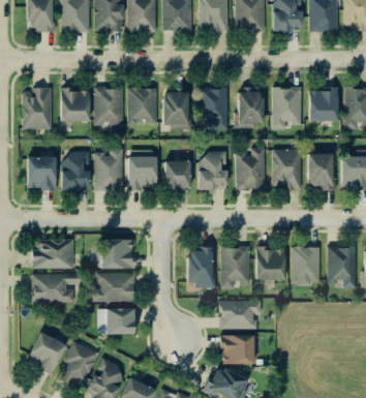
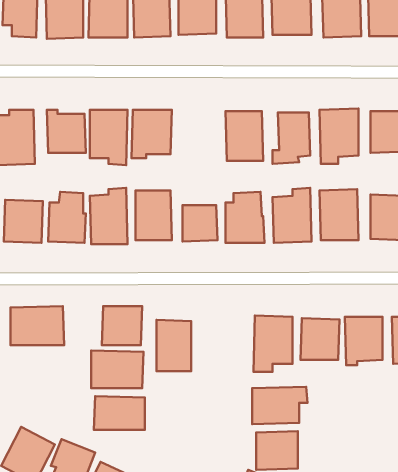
building: [163,90,190,128] -> none
building: [189,247,216,286] -> [156,320,191,371]
building: [31,274,77,304] -> none

